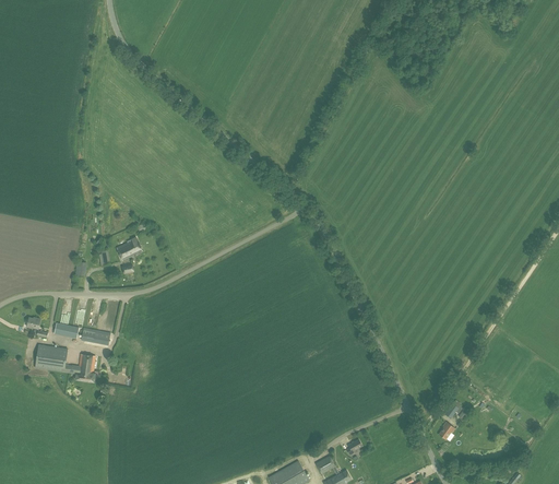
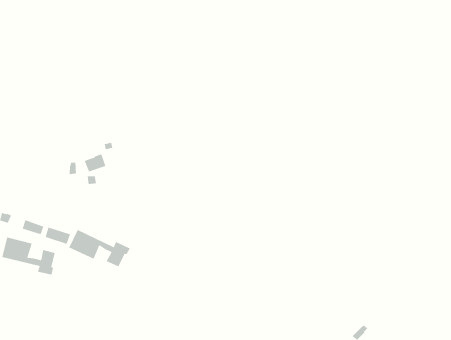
building: none -> [69,229,130,267]

